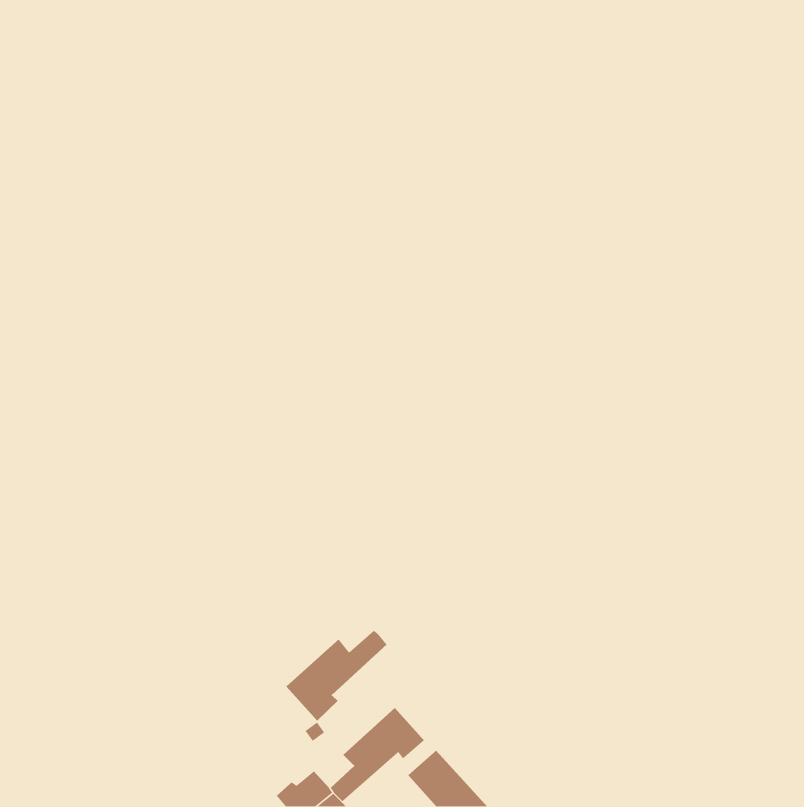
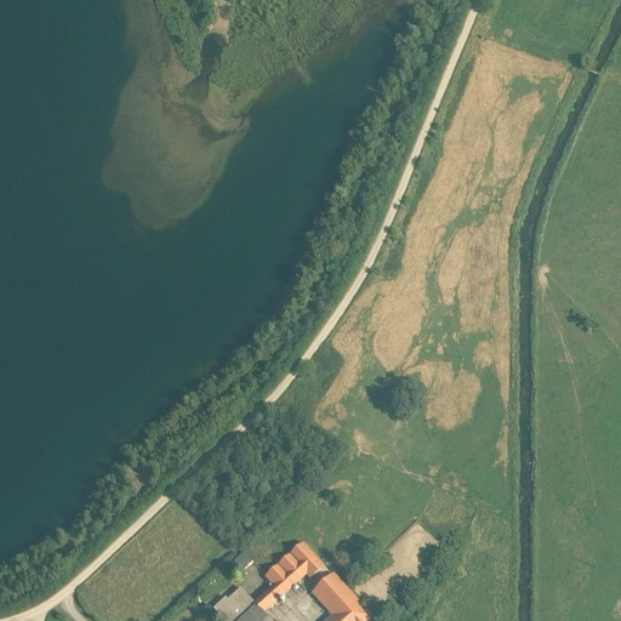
building: [286,630,388,721] -> none

